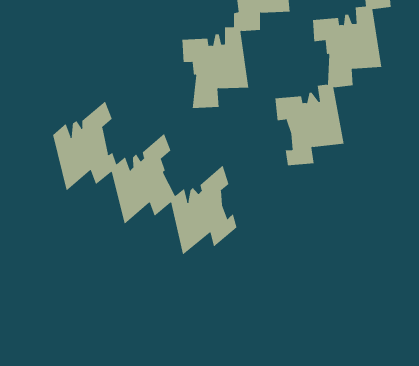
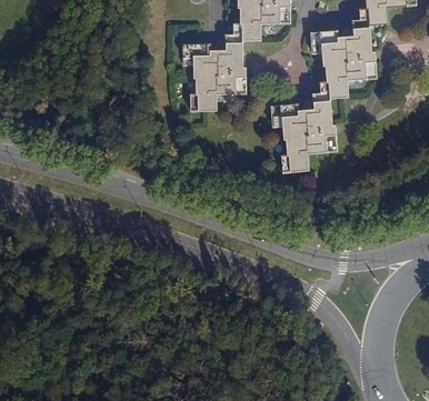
building: [52,100,237,256] -> none

